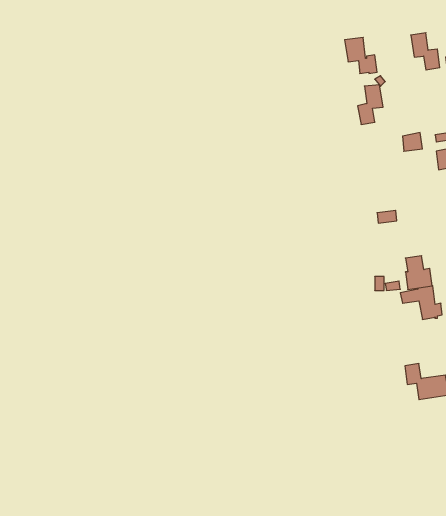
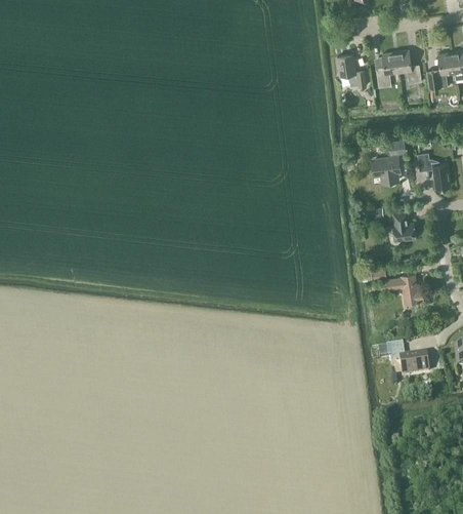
building: [358,85,383,124] -> [376,52,398,87]
building: none -> [373,157,399,183]
building: [405,256,432,289] -> [392,211,416,241]

